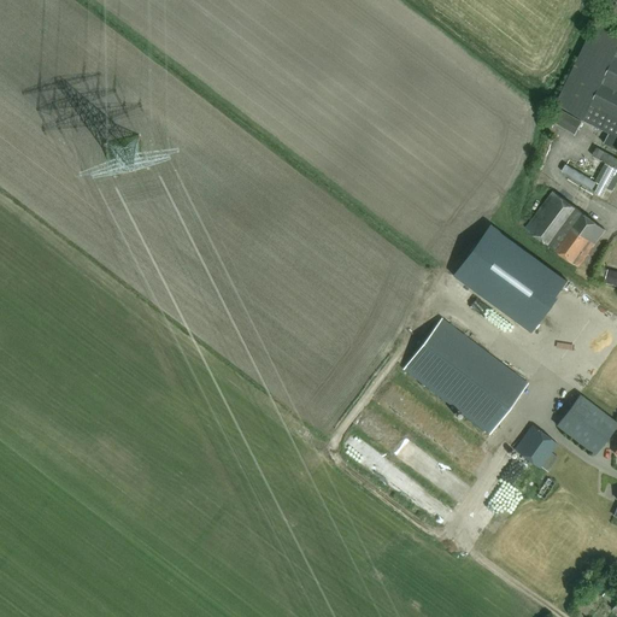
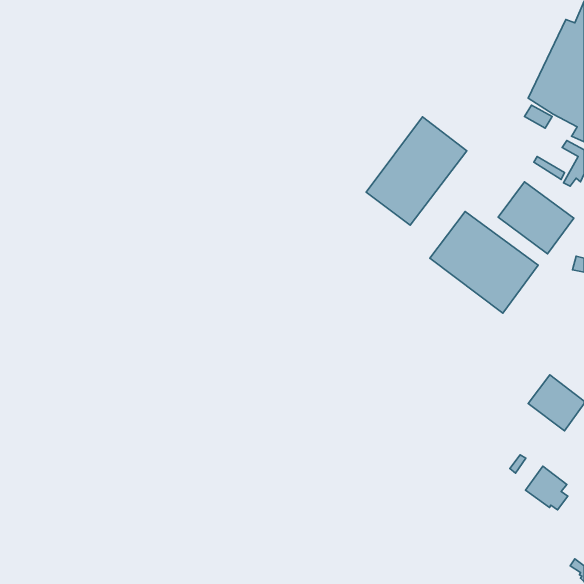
building: none -> [366,117,467,225]
building: [404,319,528,434] -> none
building: [515,425,559,471] -> [526,466,568,510]

